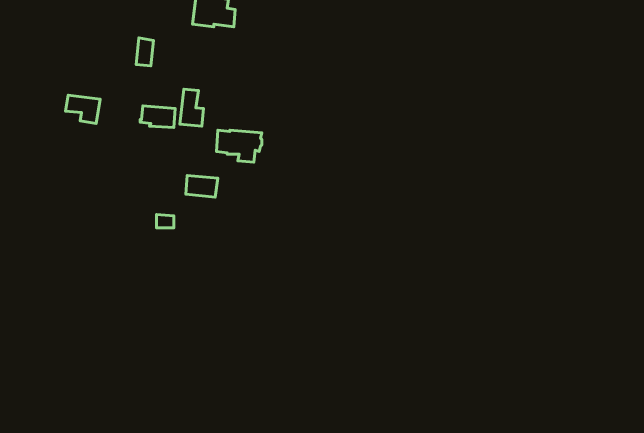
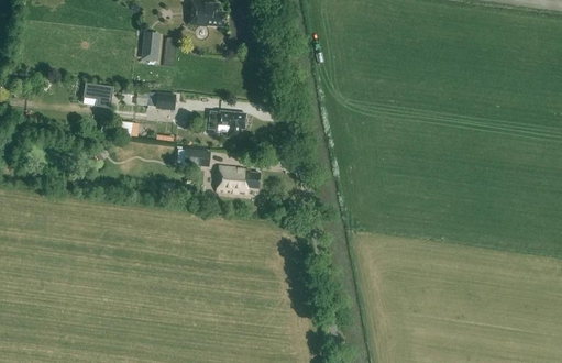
building: [180,89,203,126] -> none
building: none -> [217,166,261,194]

